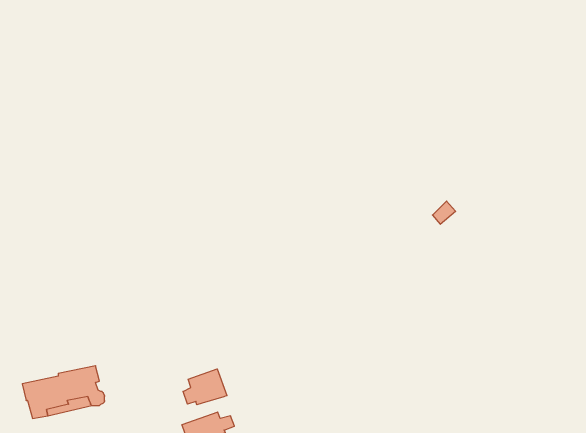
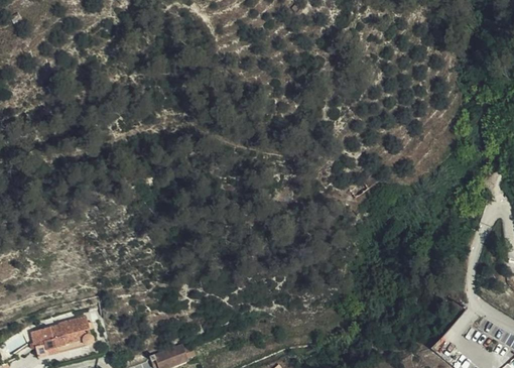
building: [183,369,227,405] -> none

